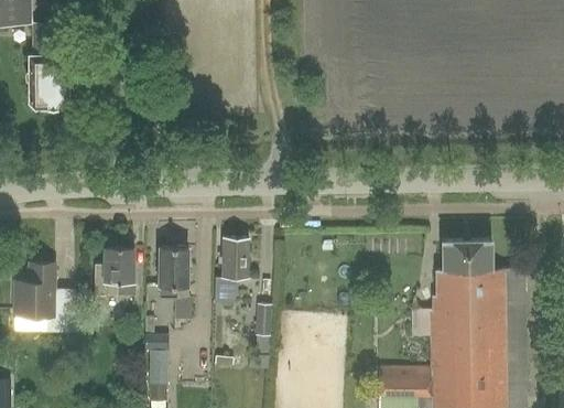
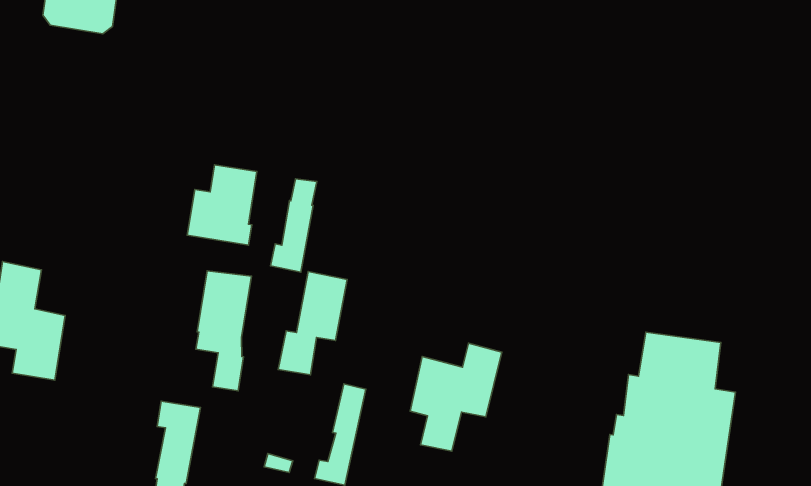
building: none -> [271,179,317,272]
building: [95,246,134,293] -> [187,165,257,245]
building: none -> [410,343,502,451]

